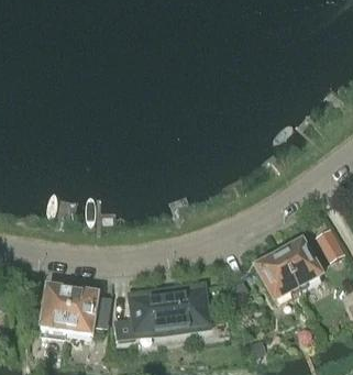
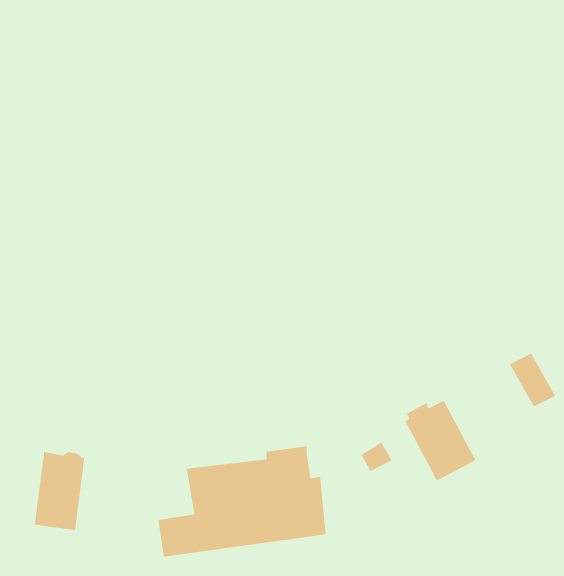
building: [278,239,320,288] -> none
building: [65,285,97,333] -> none

